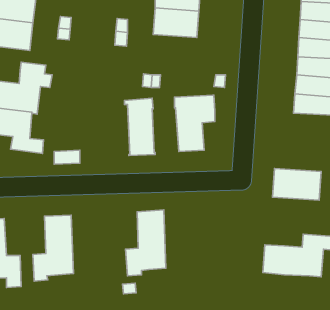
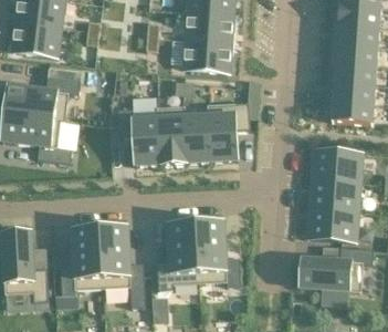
building: none -> [183,39,231,71]
building: none -> [118,108,161,165]
building: none -> [185,115,212,162]
building: none -> [312,148,363,181]
building: none -> [307,208,358,241]
building: none -> [197,220,241,287]
building: none -> [101,226,146,308]

